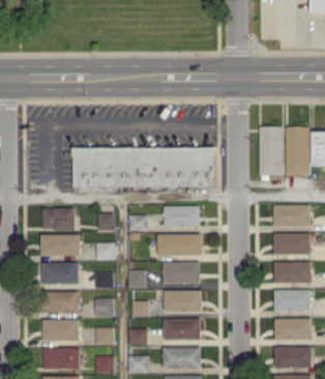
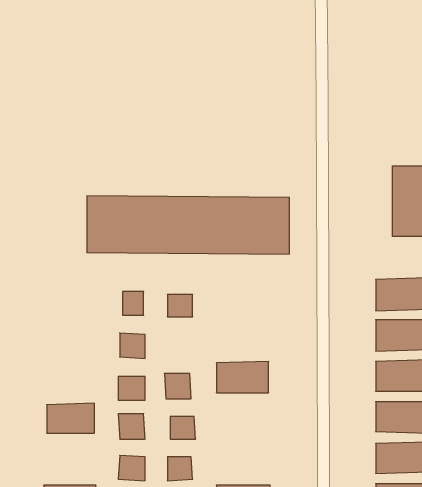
building: [259,126,284,175] -> none
building: [164,206,200,227] -> none
building: [42,208,75,230] -> none
building: [41,234,81,256] -> none
building: [157,234,202,256] -> none
building: [42,263,79,284] -> none
building: [165,291,202,312] -> none
building: [42,319,80,341] -> none
building: [164,319,200,340] -> none

